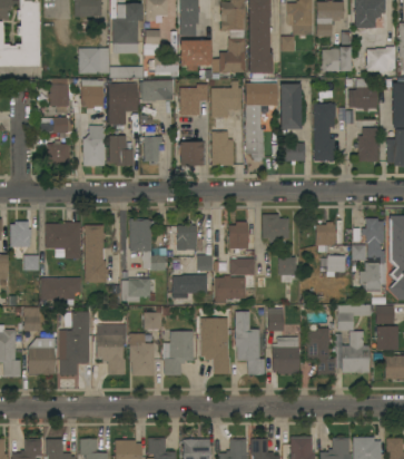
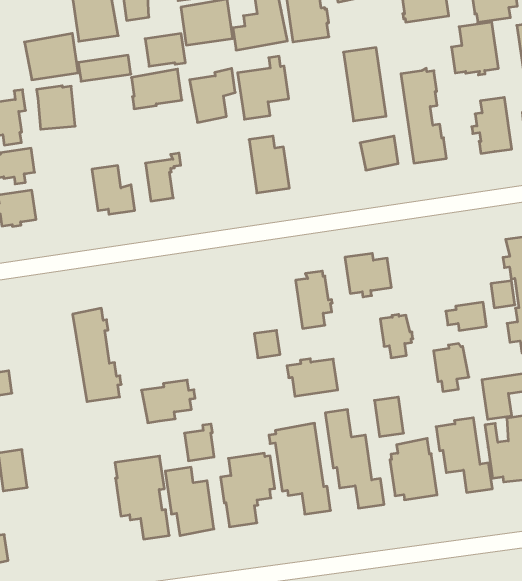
building: [109,82,139,124] -> none
building: [245,82,277,160] -> none
building: [83,125,106,165] -> none
building: [179,141,206,165] -> none
building: [130,217,167,270] -> none
building: [46,222,81,257] -> none
building: [177,222,197,256] -> none
building: [316,222,336,251] -> [434,344,469,391]
building: [230,257,255,285] -> none
building: [173,267,208,303] -> none
building: [41,277,81,300] -> none
building: [60,311,89,374] -> none
building: [28,338,56,373] -> none

